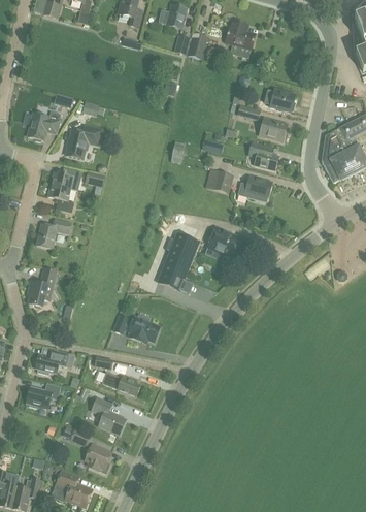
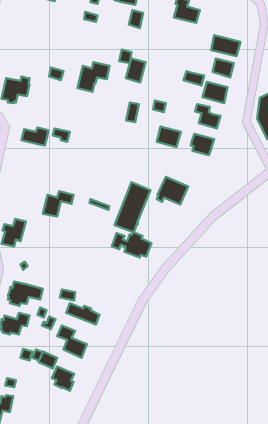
building: [186,32,208,60] -> [126,58,145,83]
building: none -> [211,35,241,56]
building: [65,125,102,159] -> [77,62,110,92]
building: [47,184,73,213] -> none
building: [35,219,70,248] -> [43,191,73,216]
building: [113,314,159,343] -> [112,232,151,257]
building: [51,470,91,506] -> none

